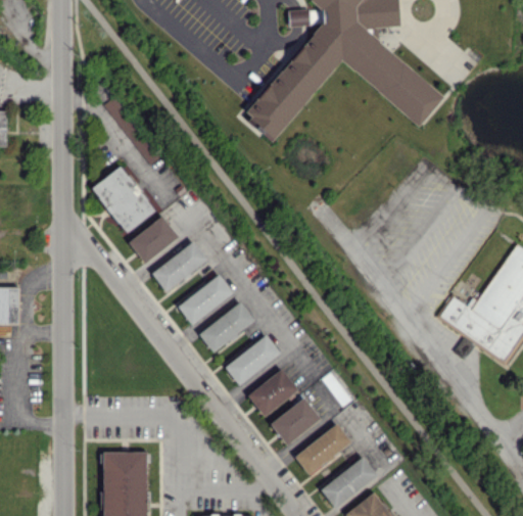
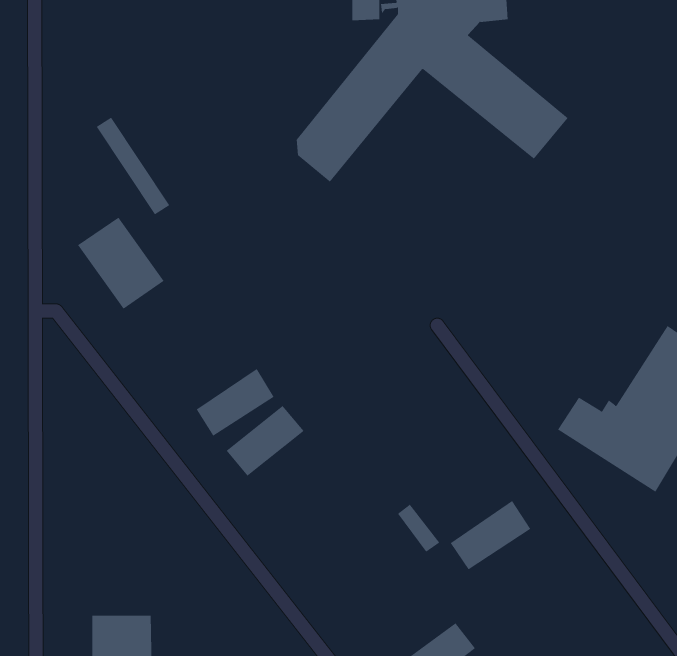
building: [128,216,178,264] -> none
building: [150,242,207,290] -> none
building: [225,334,280,385] -> none
building: [247,369,298,417] -> none
building: [270,398,321,444] -> none
building: [293,424,351,474] -> [450,500,531,570]

